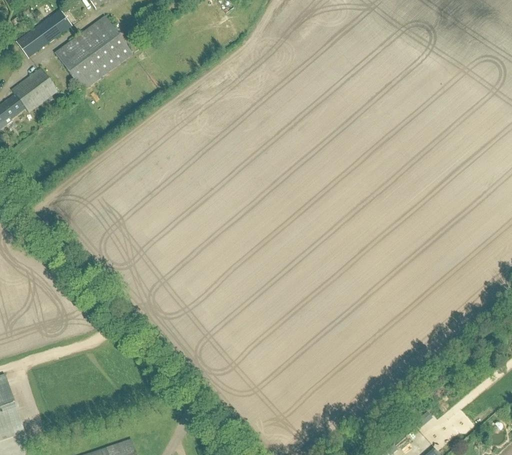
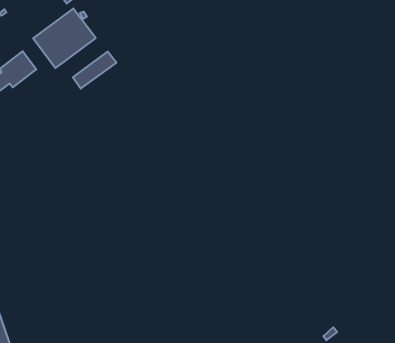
building: [16,10,70,56] -> [73,52,116,89]

